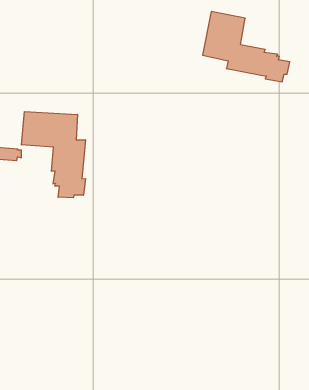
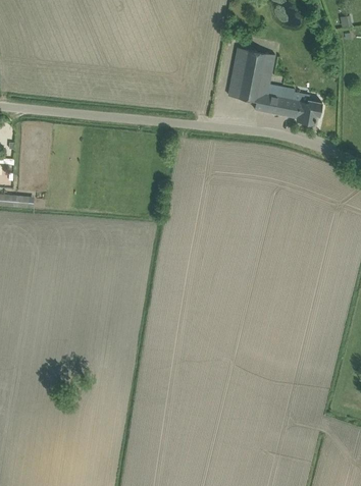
building: [22,112,85,198] -> none

